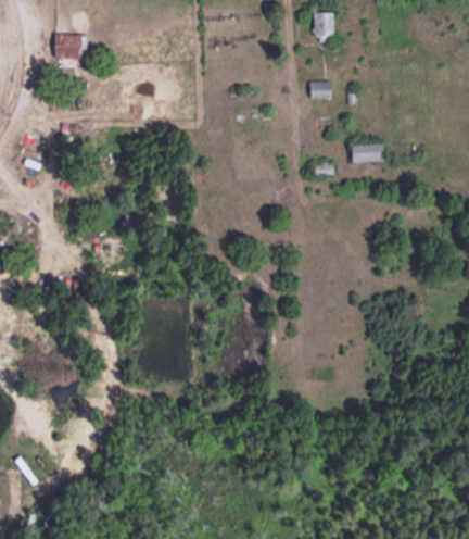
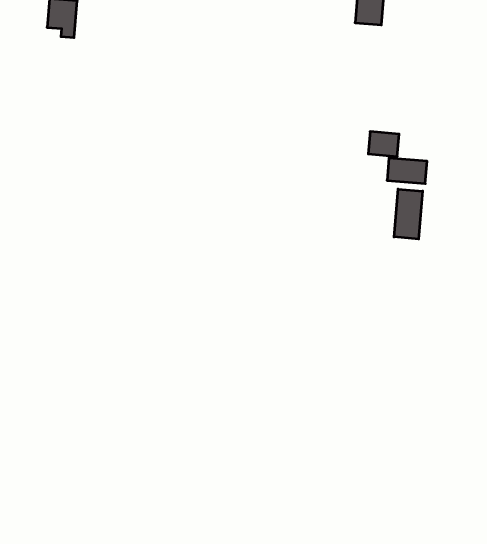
building: [308,80,332,99] -> [368,132,399,156]
building: none -> [394,189,423,239]

